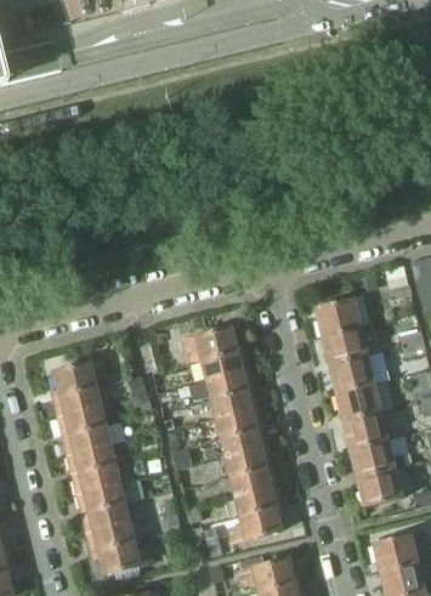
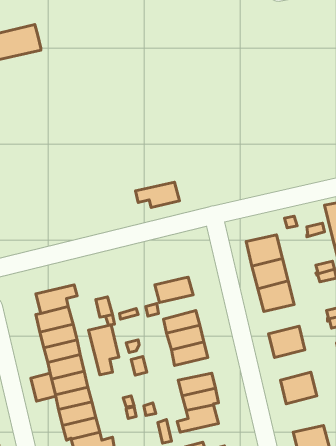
building: [182,329,237,361] -> [135,182,180,208]
building: [208,373,253,403] -> none
building: [336,385,380,421] -> none
building: none -> [88,325,119,375]
building: [350,441,395,478] -> none
building: [226,450,272,478] -> none
building: none -> [31,373,56,401]

